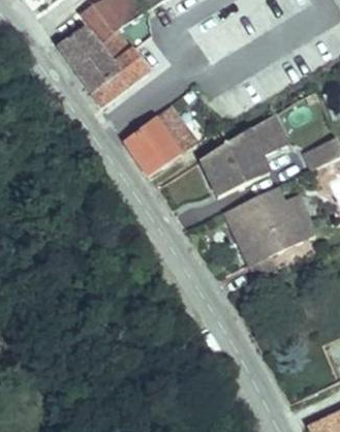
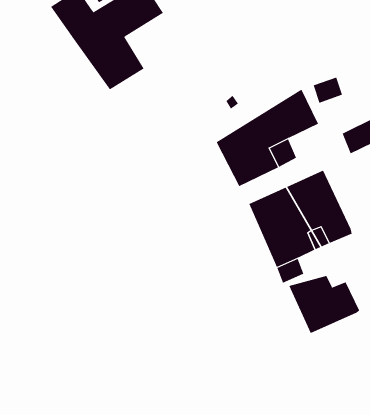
building: [123,104,198,174] -> none
building: none -> [289,275,360,334]

